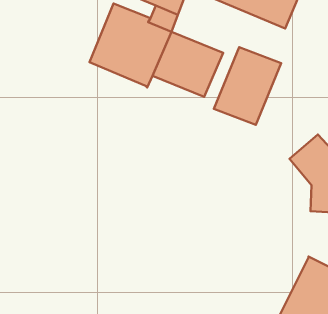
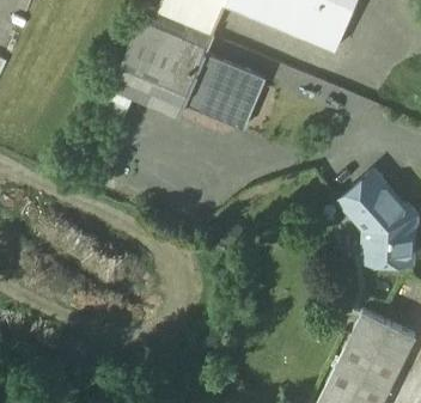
building: [214,47,281,125] -> none

